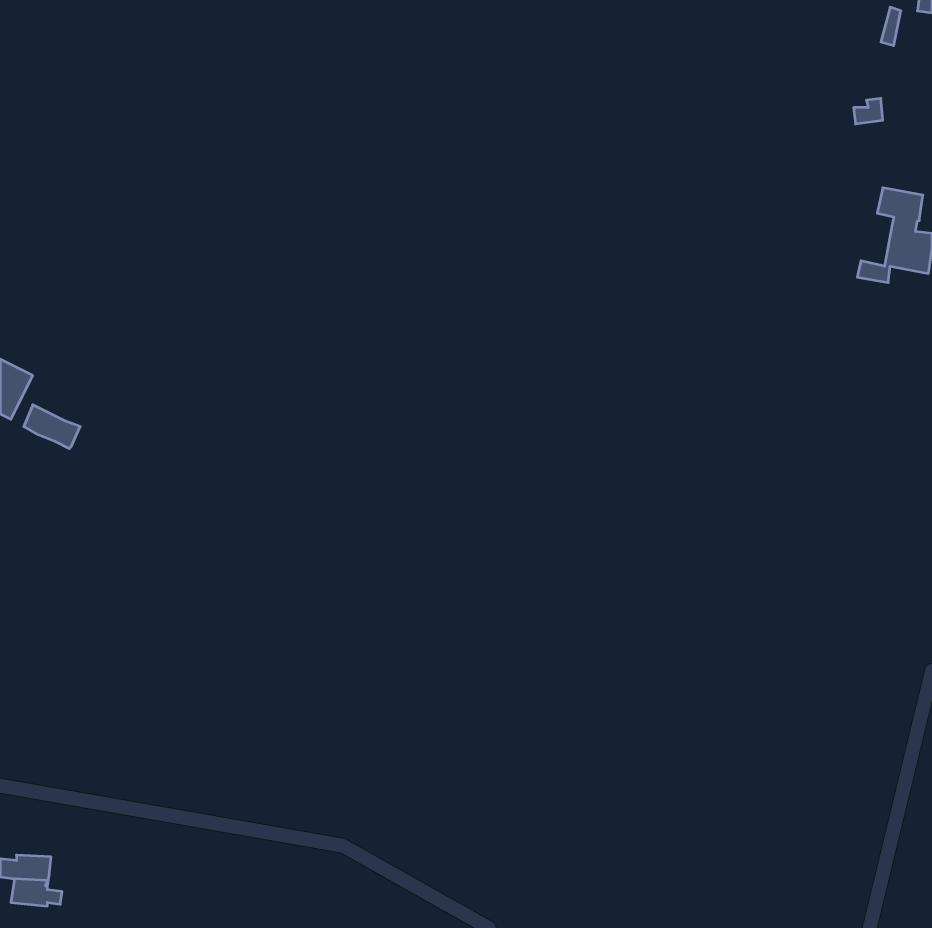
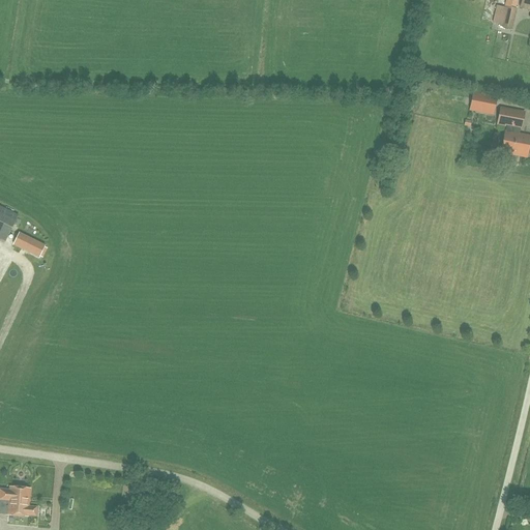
building: none -> [470,91,496,112]

